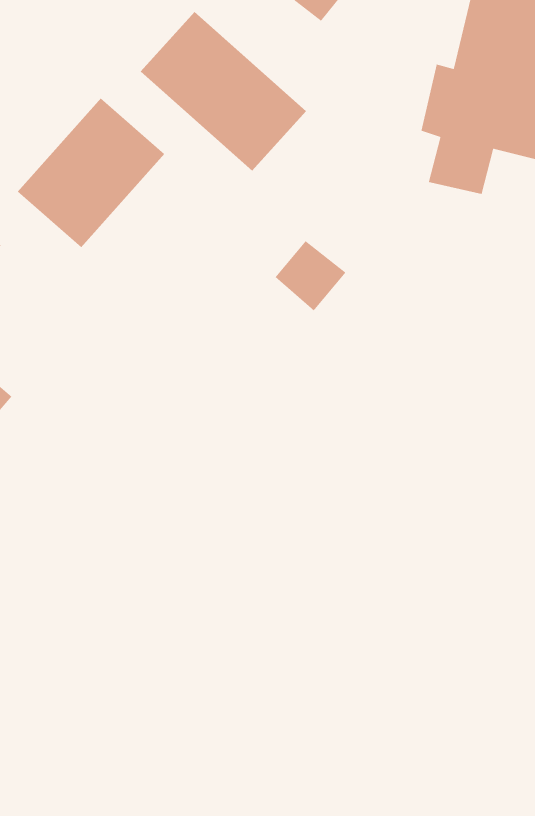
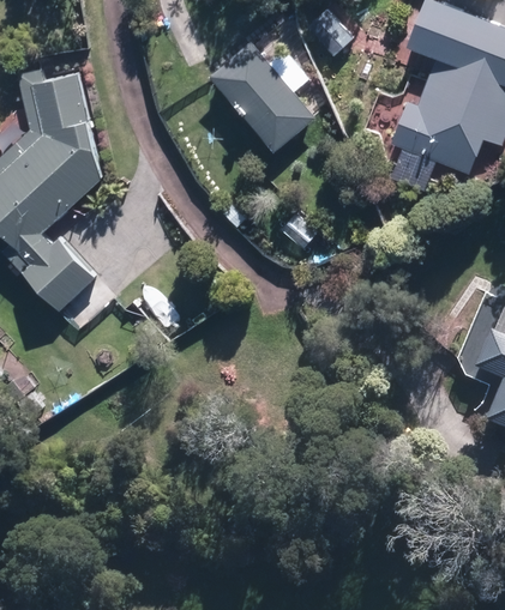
building: [17,97,165,248] -> none

